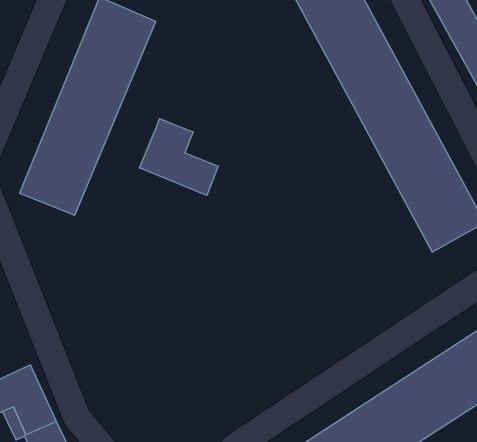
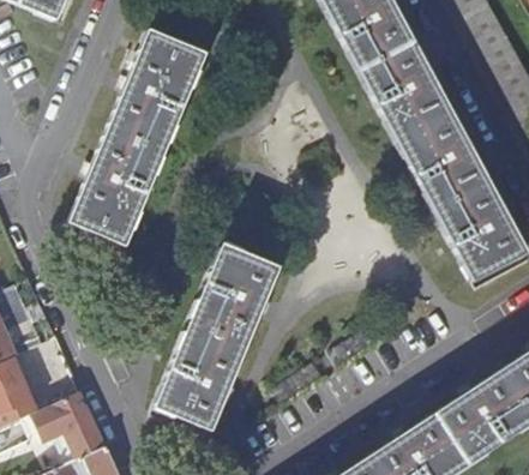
building: [139,119,218,195] -> none
building: none -> [156,243,278,429]

